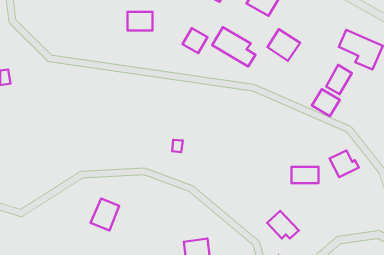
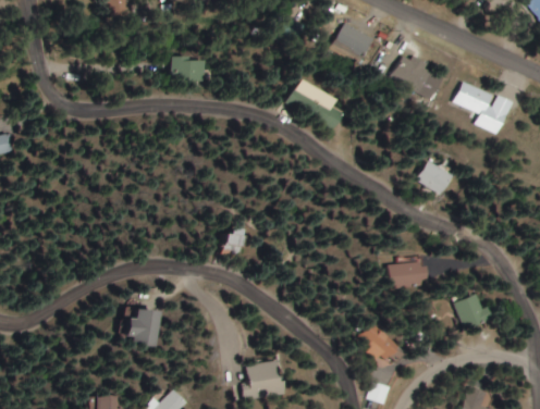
building: [182,28,207,53] -> none
building: [267,29,300,61] -> [390,52,433,95]
building: [326,65,352,94] -> none
building: [329,150,359,177] -> [452,293,491,329]

